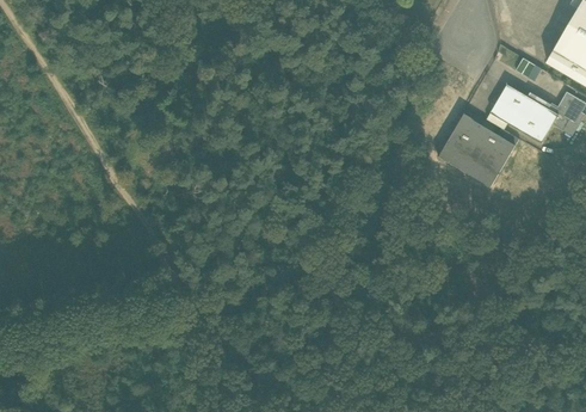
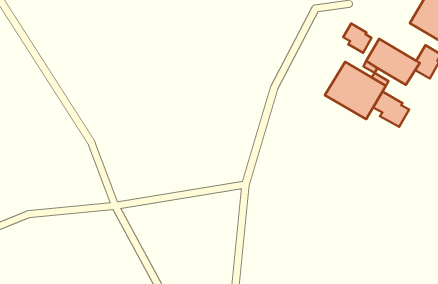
building: none -> [343,23,371,53]
building: none -> [373,91,409,127]

